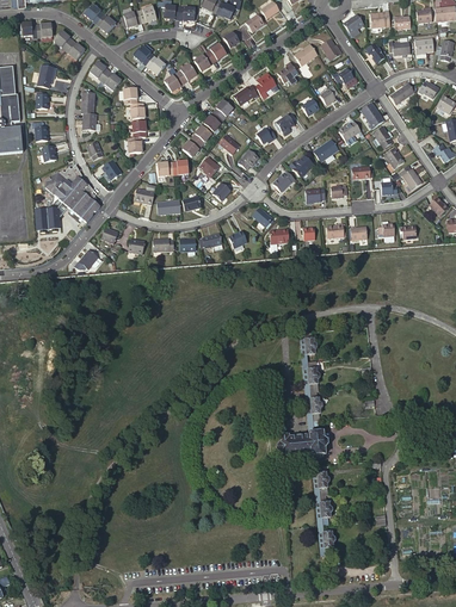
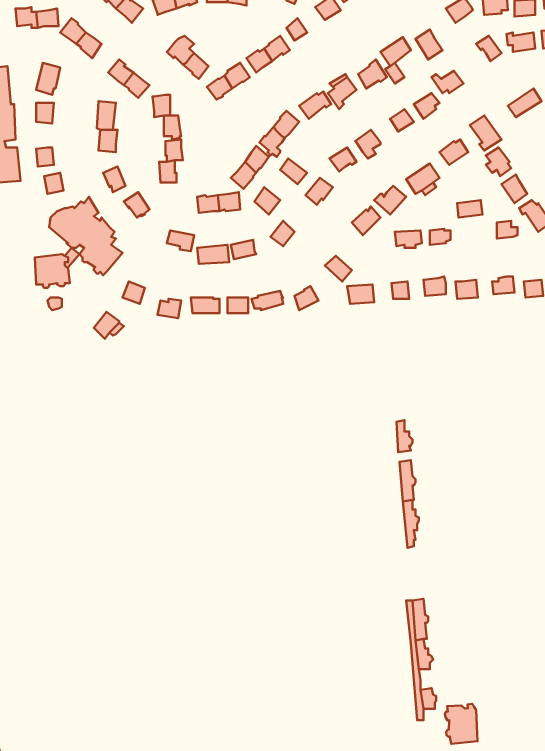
building: [278,431,328,458] -> none
building: none -> [445,704,478,744]

